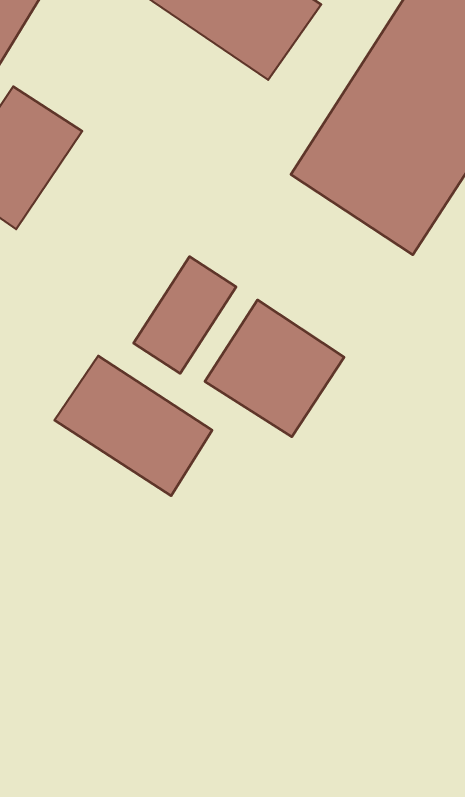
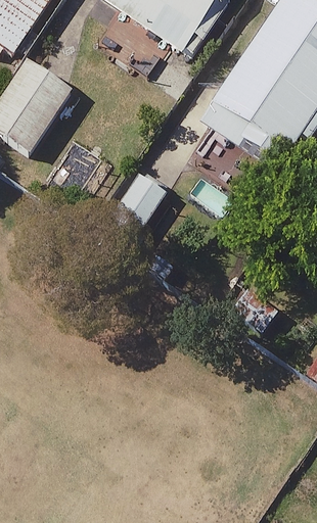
building: [205,300,344,437] -> none
building: [55,356,212,496] -> none

